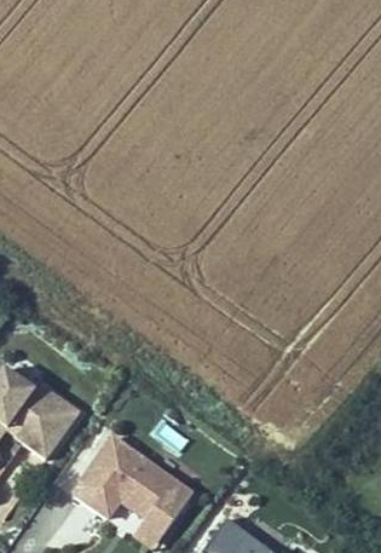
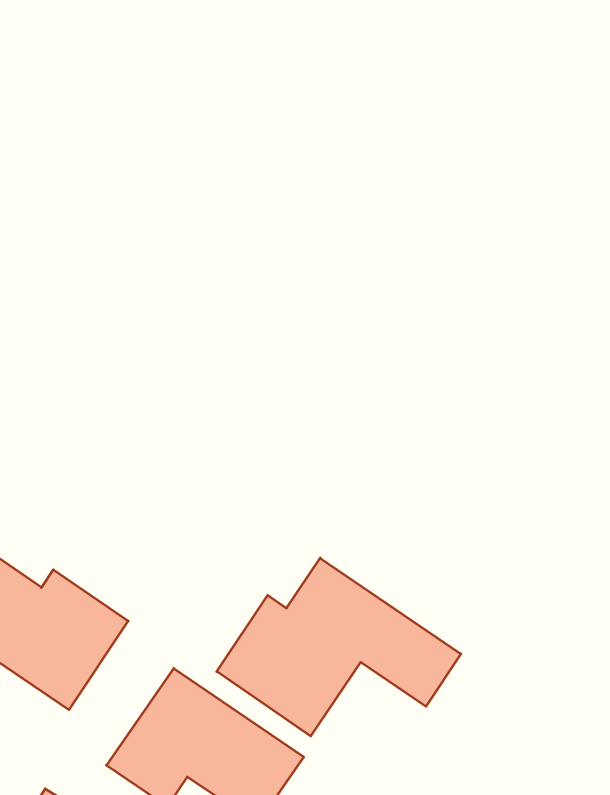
building: none -> [217,558,461,736]

